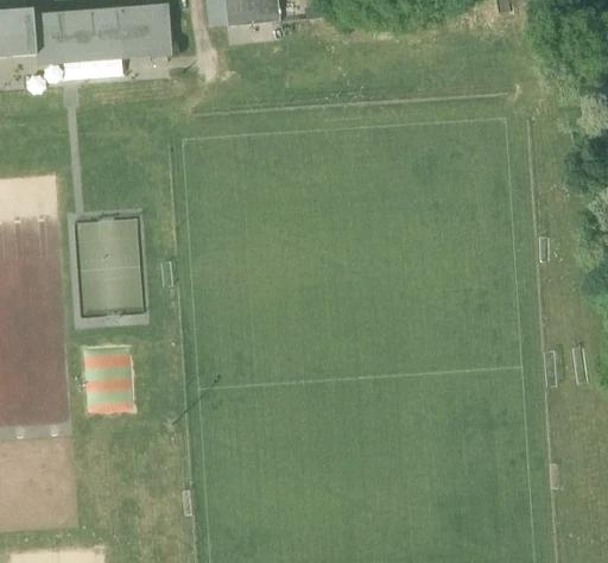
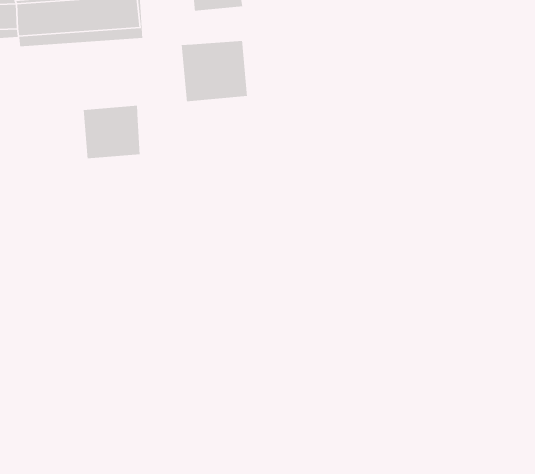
building: none -> [181,40,248,102]
building: none -> [83,105,140,159]

